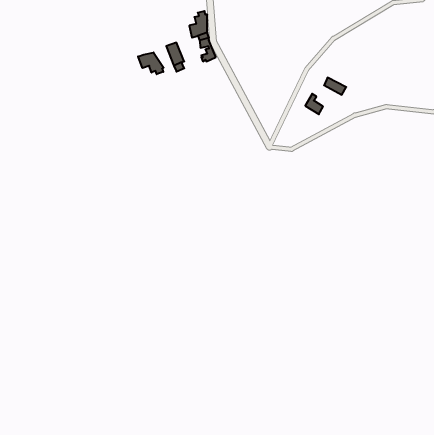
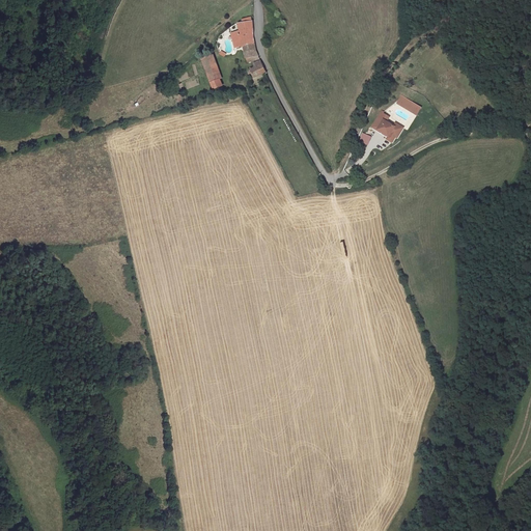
building: [138,52,164,74] -> none

